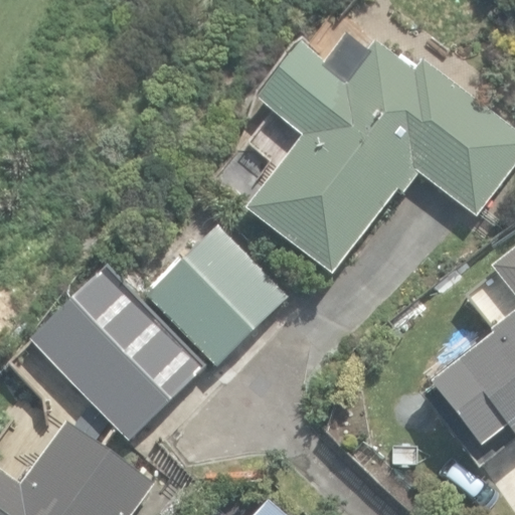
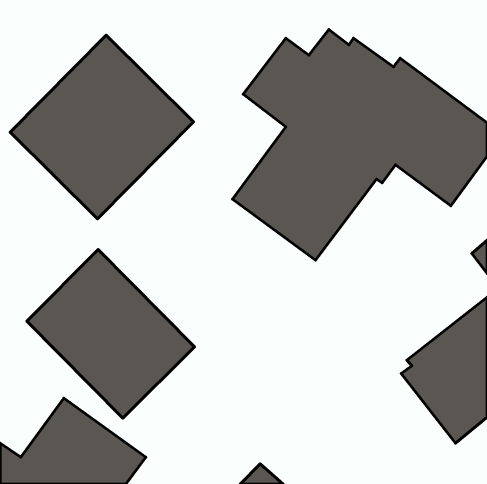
building: none -> [10,35,193,219]
building: [145,212,299,364] -> none

